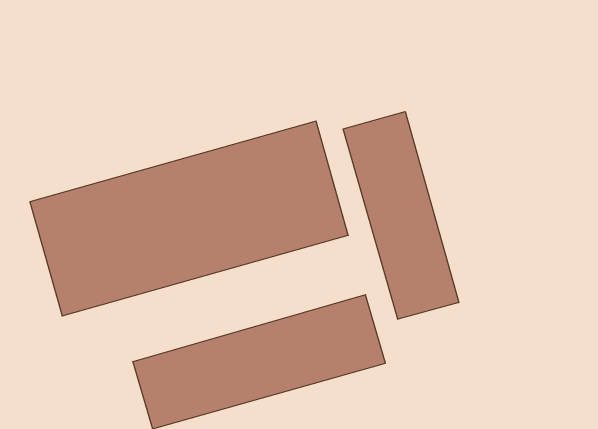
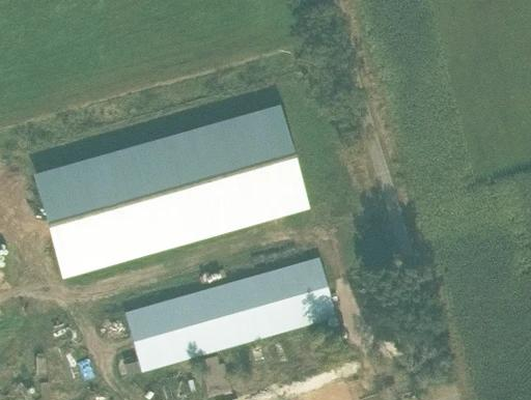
building: [343,112,459,319] -> none

